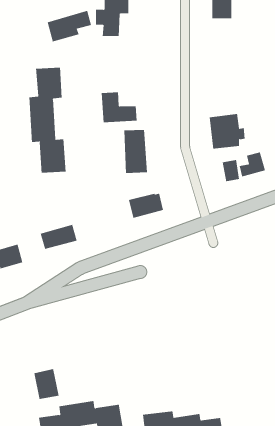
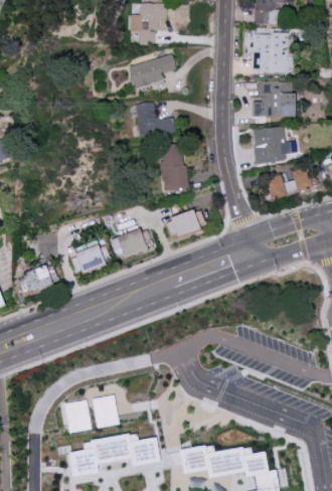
building: [47,10,92,42] -> [128,53,176,88]
building: none -> [252,31,289,73]
building: [29,67,66,174] -> none
building: none -> [254,81,294,117]
building: none -> [110,227,153,258]
building: none -> [93,396,118,427]

